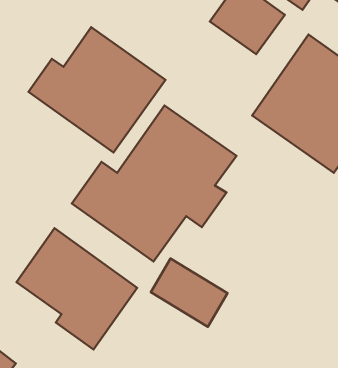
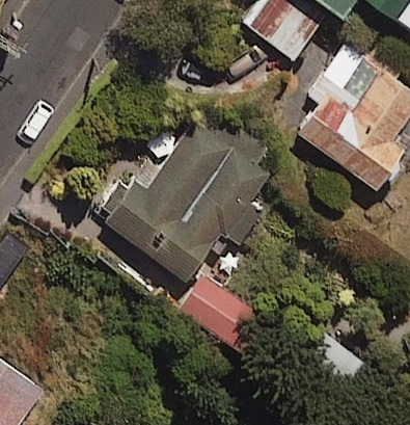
building: [29,27,166,153] -> none
building: [17,228,137,349] -> none

